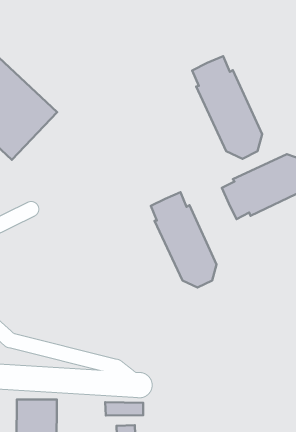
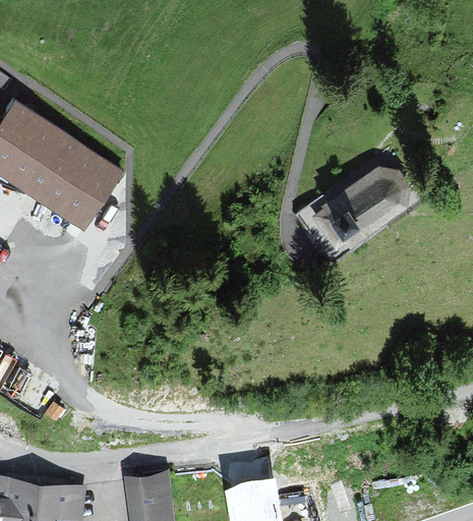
building: [192,56,262,159] -> none
building: [151,192,217,288] -> none

